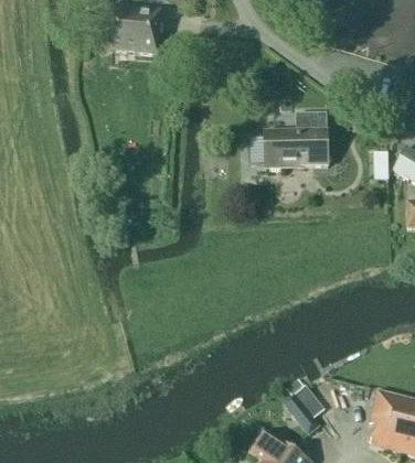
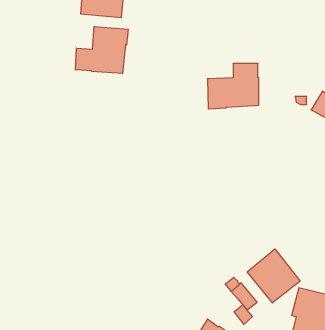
building: none -> [76,26,128,74]
building: none -> [247,249,300,303]

